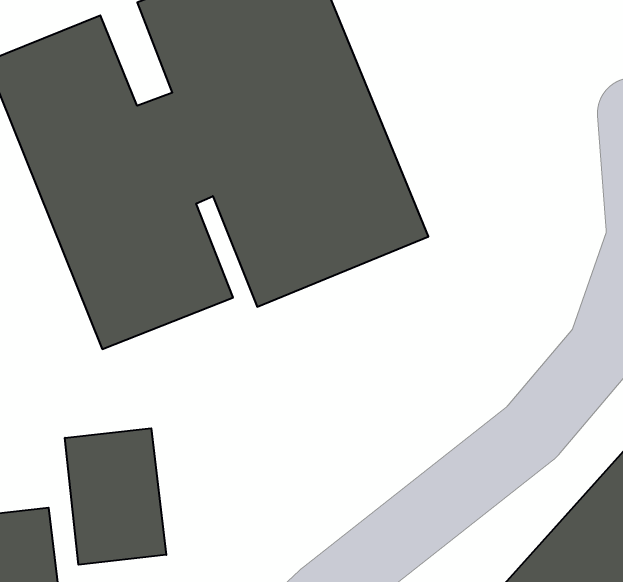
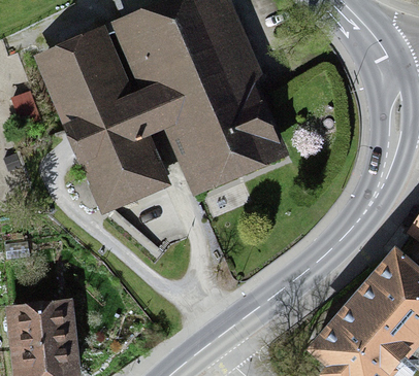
building: [65,428,166,565] -> none

